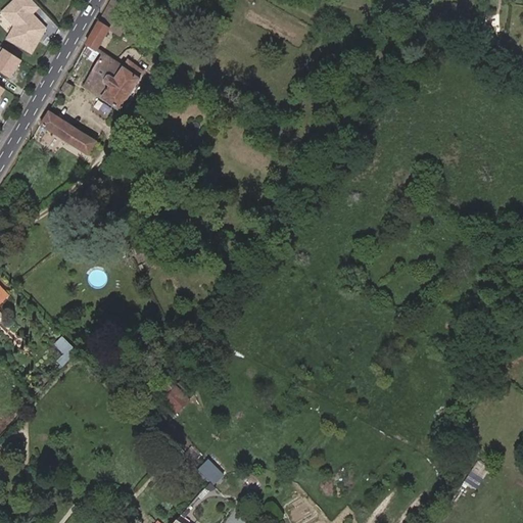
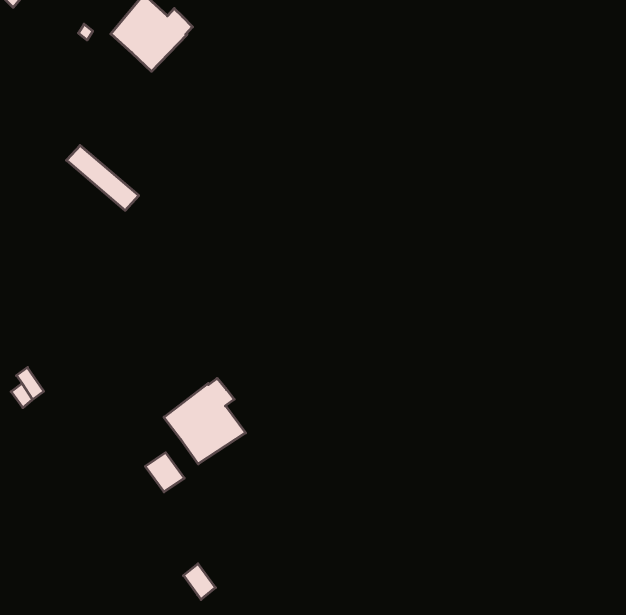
building: [40,111,96,153] -> [66,145,139,210]
building: none -> [164,378,246,464]

